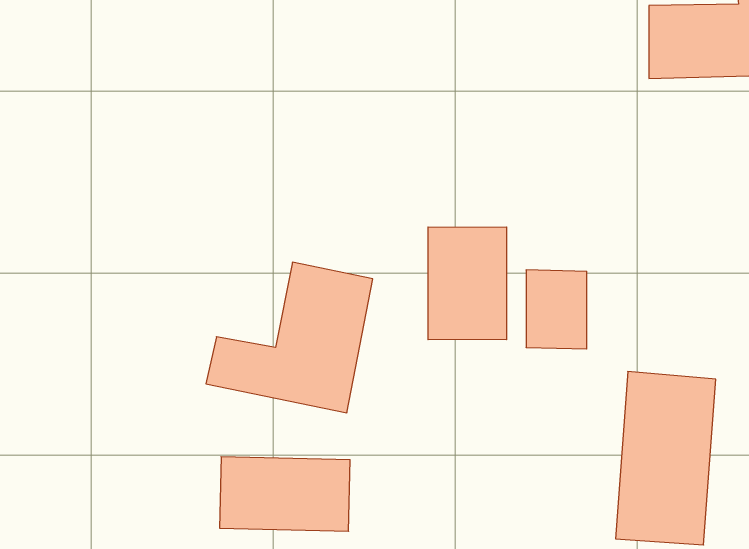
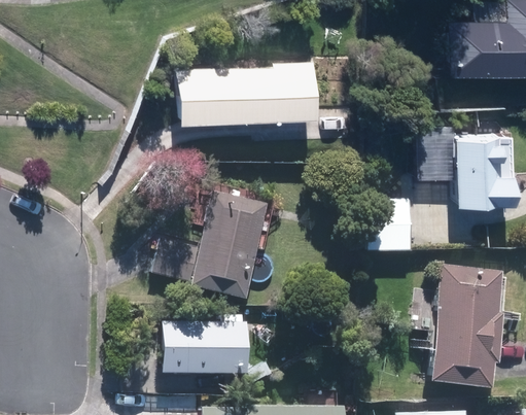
building: none -> [178,61,313,116]
building: none -> [434,133,516,202]
building: [428,227,507,340] -> none

